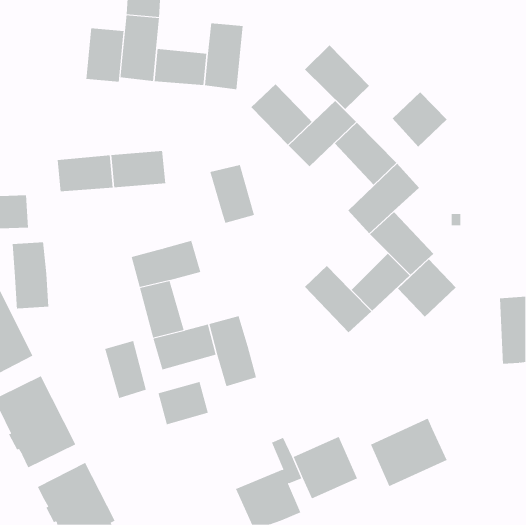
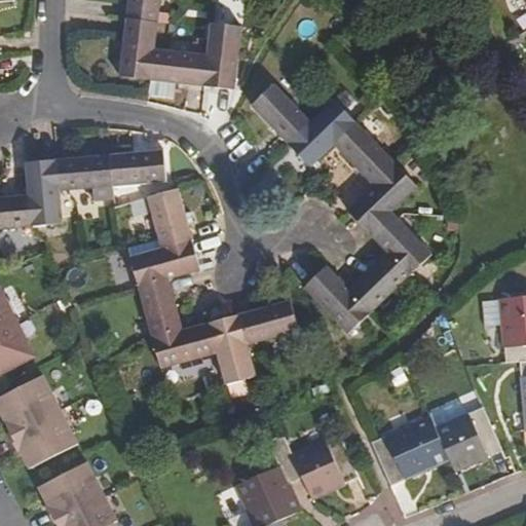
building: [86,27,124,83] -> none
building: [304,45,370,110] -> none
building: [392,91,447,147] -> none
building: [209,165,255,223] -> [146,189,191,248]
building: [12,242,49,310] -> [25,159,62,227]
building: [397,259,457,317] -> none
building: none -> [238,300,299,345]
building: [105,340,146,399] -> none
building: [158,381,209,425] -> none
building: none -> [431,409,497,474]

